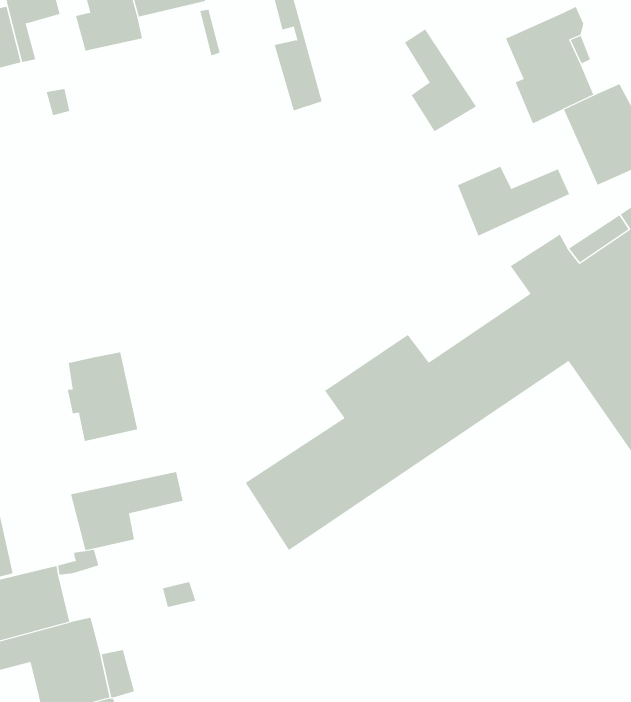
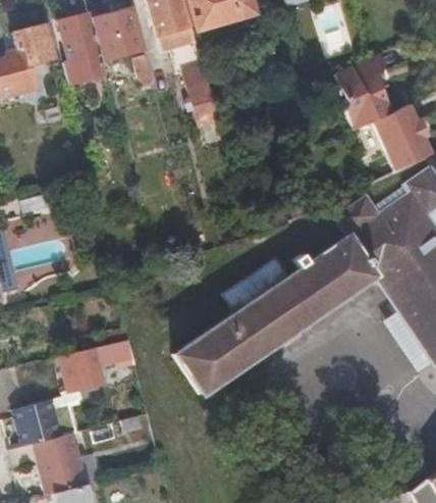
building: [404,28,477,132] -> none
building: [457,166,570,237] -> none
building: [67,351,138,442] -> none

